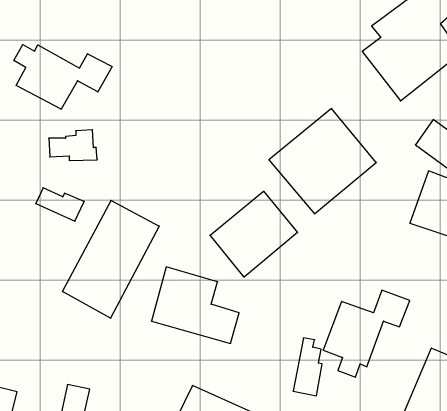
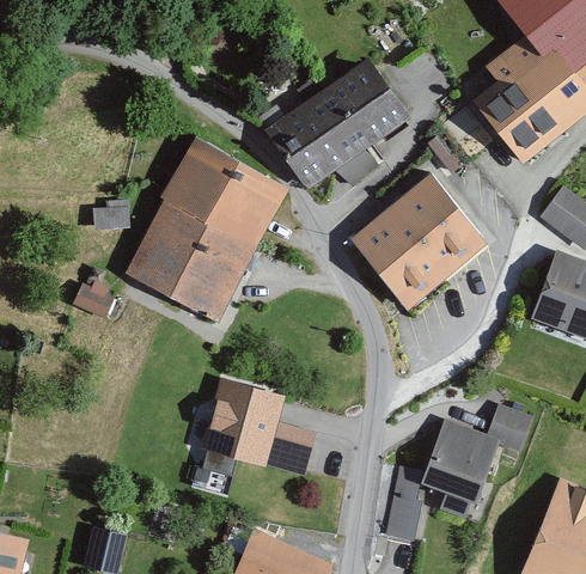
building: none -> [265,56,411,190]
building: [14,45,112,109] -> none
building: none -> [126,139,288,323]
building: [210,191,297,277] -> none
building: [62,200,159,318] -> none

